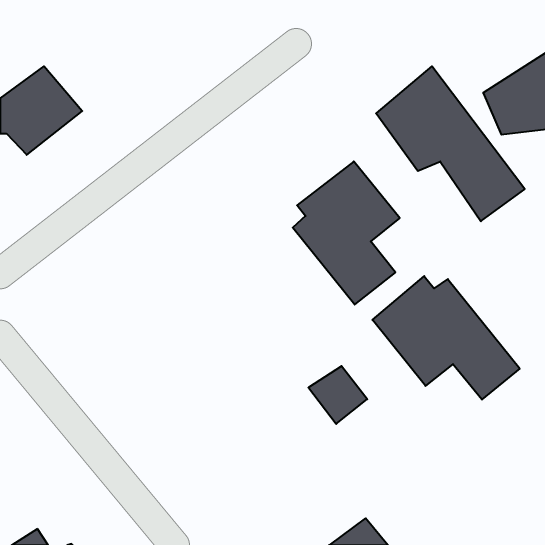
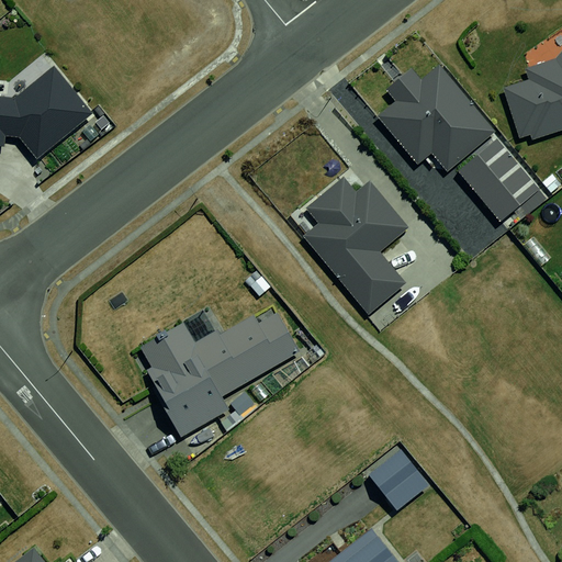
building: [372,276,520,400] -> none
building: none -> [142,305,294,429]
building: [308,366,367,424] -> [364,451,425,510]

